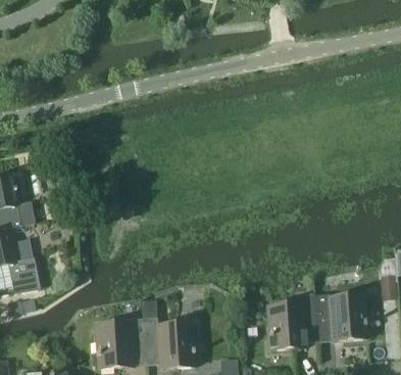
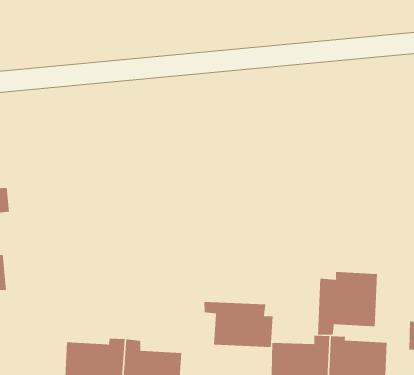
building: none -> [317,271,377,335]
building: none -> [204,301,273,348]

